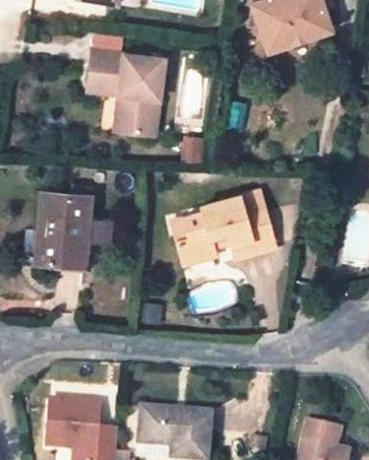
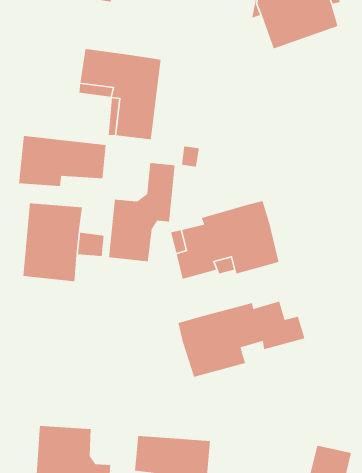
building: none -> [18,135,106,187]
building: none -> [108,162,176,262]
building: none -> [177,301,306,378]

